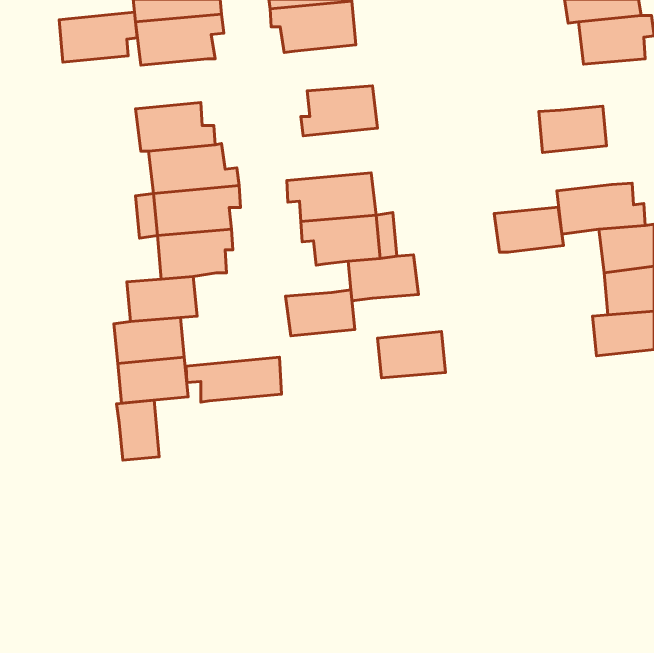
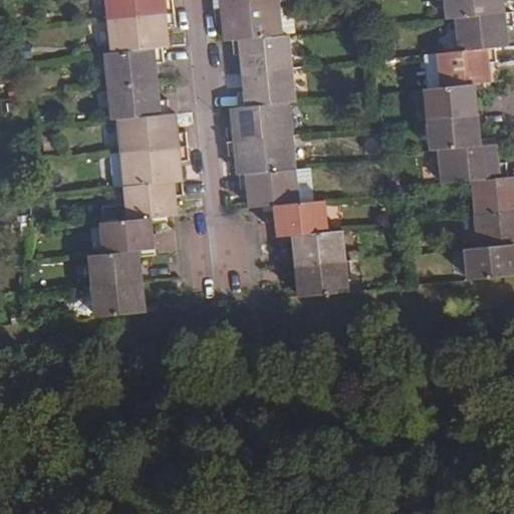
building: [59,12,137,62] -> [103,46,165,85]
building: none -> [231,34,292,71]
building: none -> [437,47,495,86]
building: none -> [223,101,291,142]
building: [494,207,563,252] -> [426,114,480,150]
building: [286,290,355,336] -> [292,229,346,265]
building: [186,357,282,402] -> none
building: [117,400,159,460] -> none

